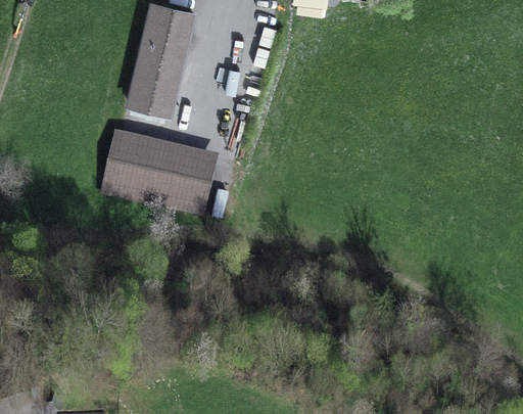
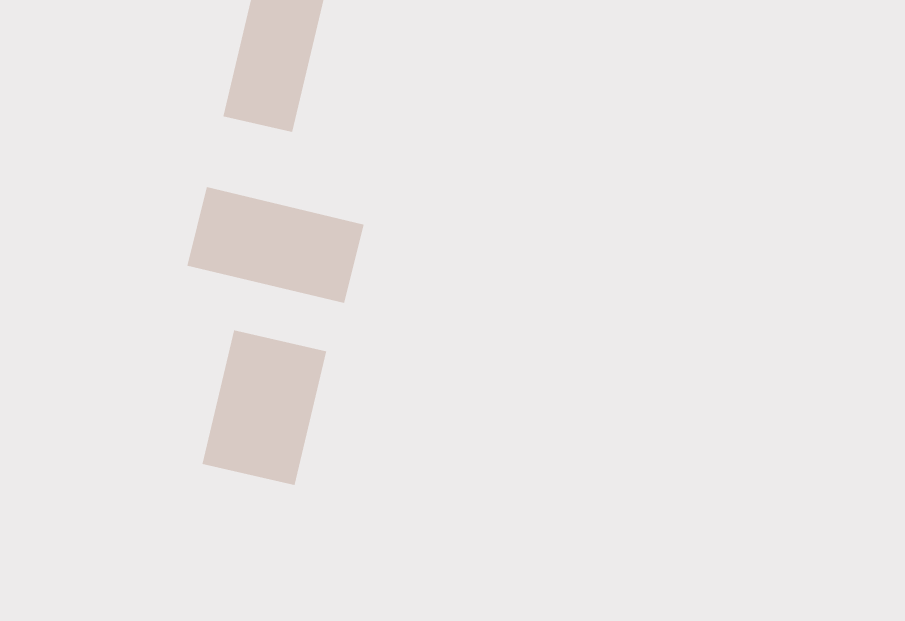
building: none -> [202,329,327,486]

